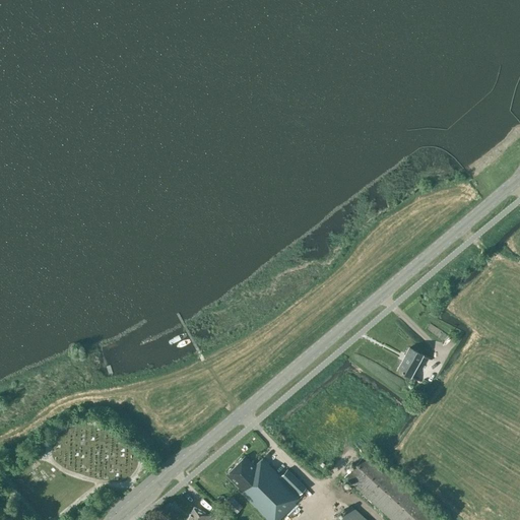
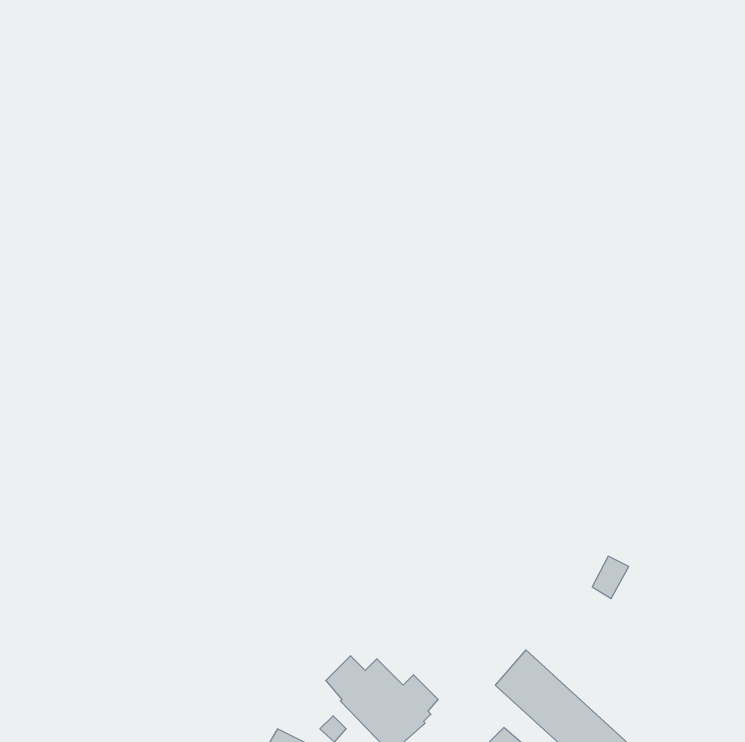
building: [398,350,424,380] -> [592,556,629,599]

